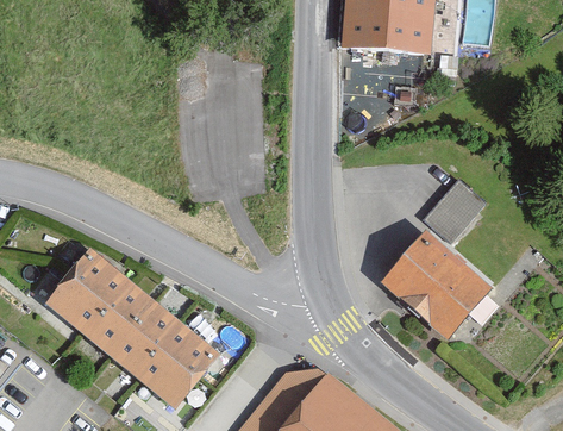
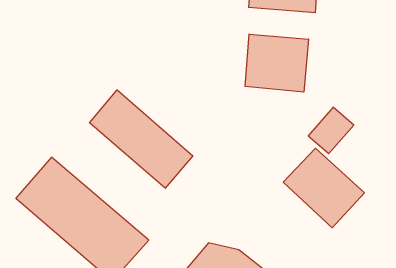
building: none -> [245,34,308,92]
building: none -> [90,90,193,188]

